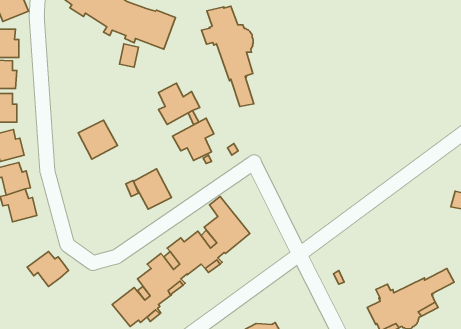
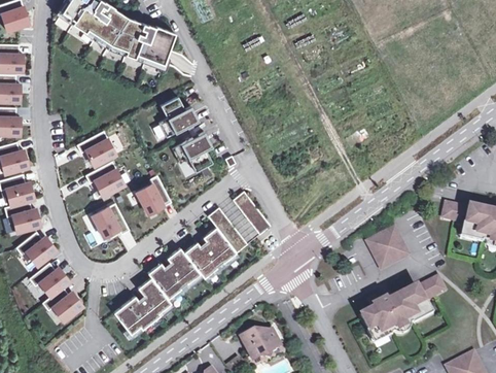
building: [201,6,254,107] -> none
building: none -> [92,167,128,201]
building: none -> [233,190,271,233]
building: none -> [85,202,128,247]
building: none -> [366,227,409,269]
building: none -> [17,230,58,264]
building: none -> [42,285,83,319]

